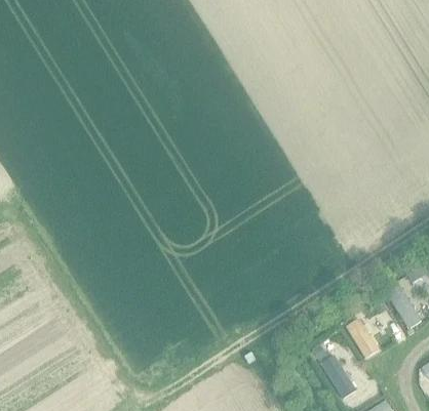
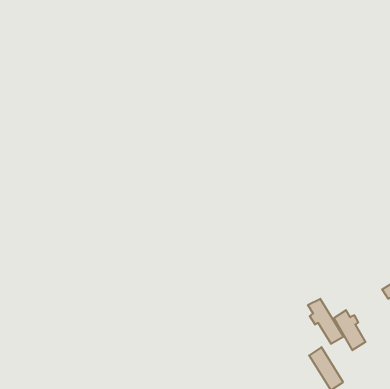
building: none -> [308,299,344,344]

